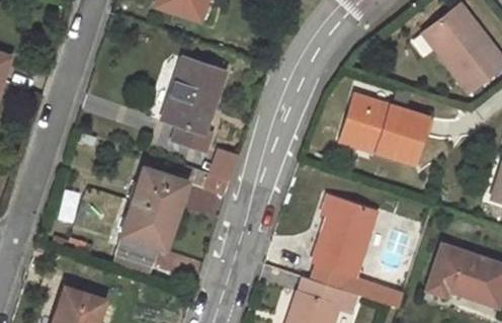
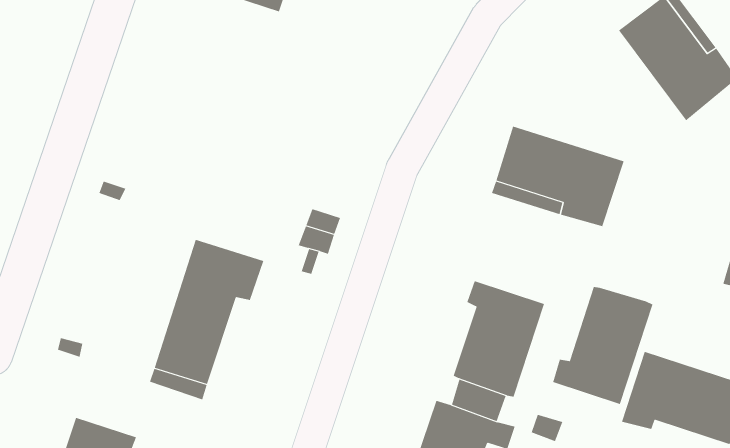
building: [165,59,225,148] -> none
building: none -> [552,286,653,405]

